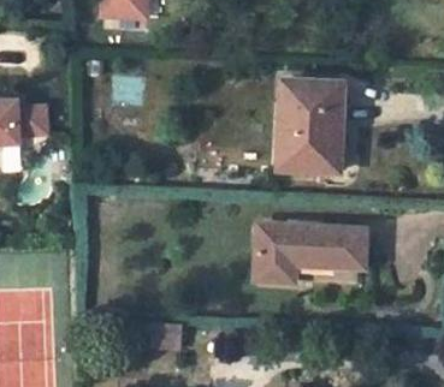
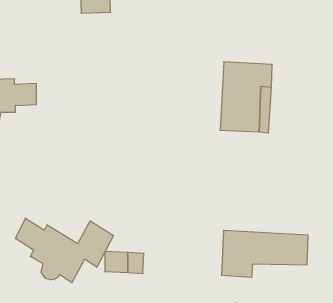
building: [257,222,367,281] -> [221,231,308,277]
building: none -> [15,218,113,283]

